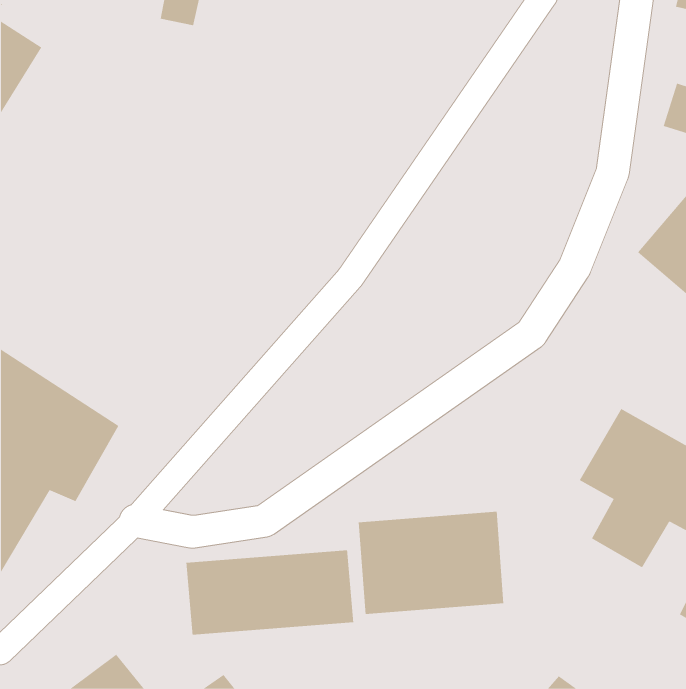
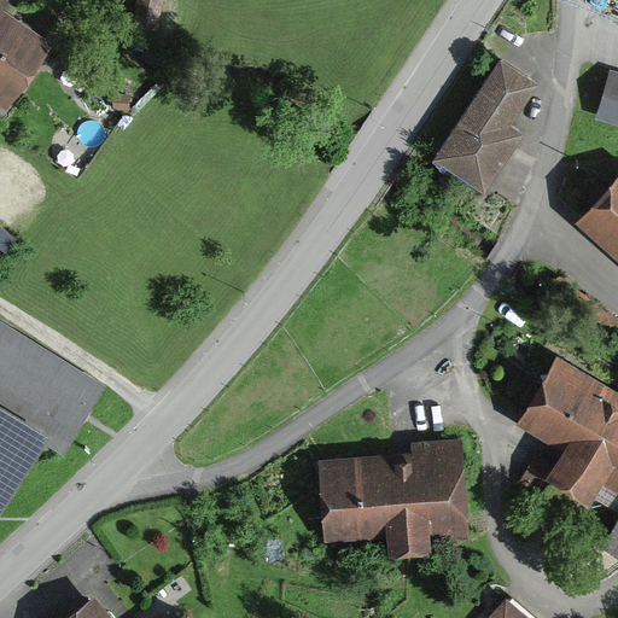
building: none -> [427,60,526,191]
building: [186,549,354,635] -> none

